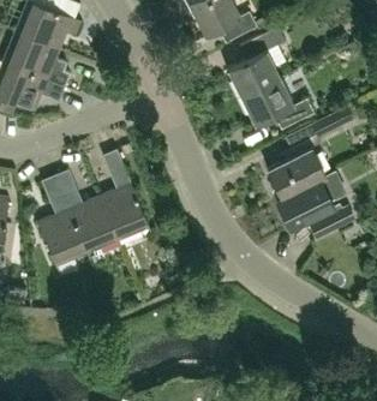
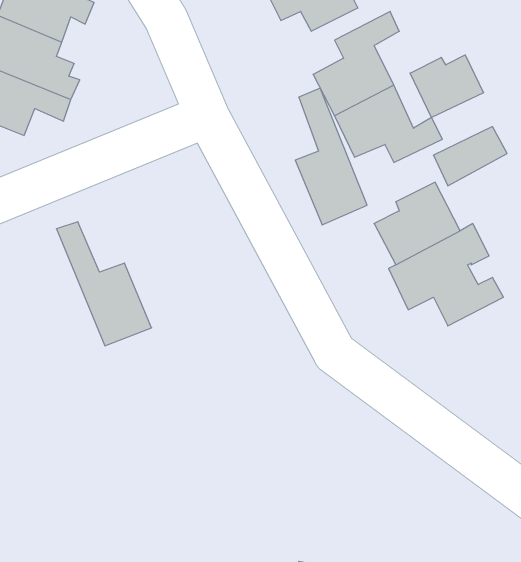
building: none -> [410,55,483,118]
building: [101,148,149,239] -> [295,88,367,225]
building: [40,173,88,264] -> none

